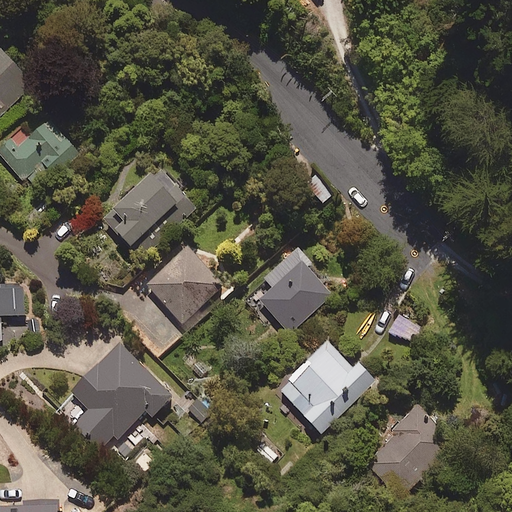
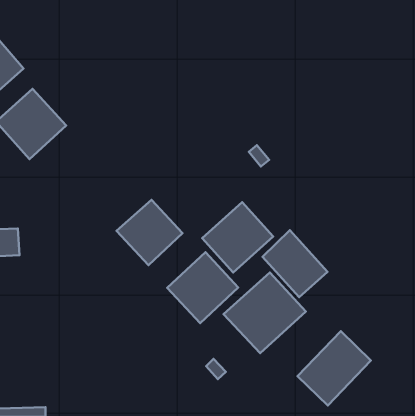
building: [101,166,196,260] -> none
building: none -> [263,230,327,297]
building: none -> [167,252,238,323]
building: [68,342,172,451] -> none

